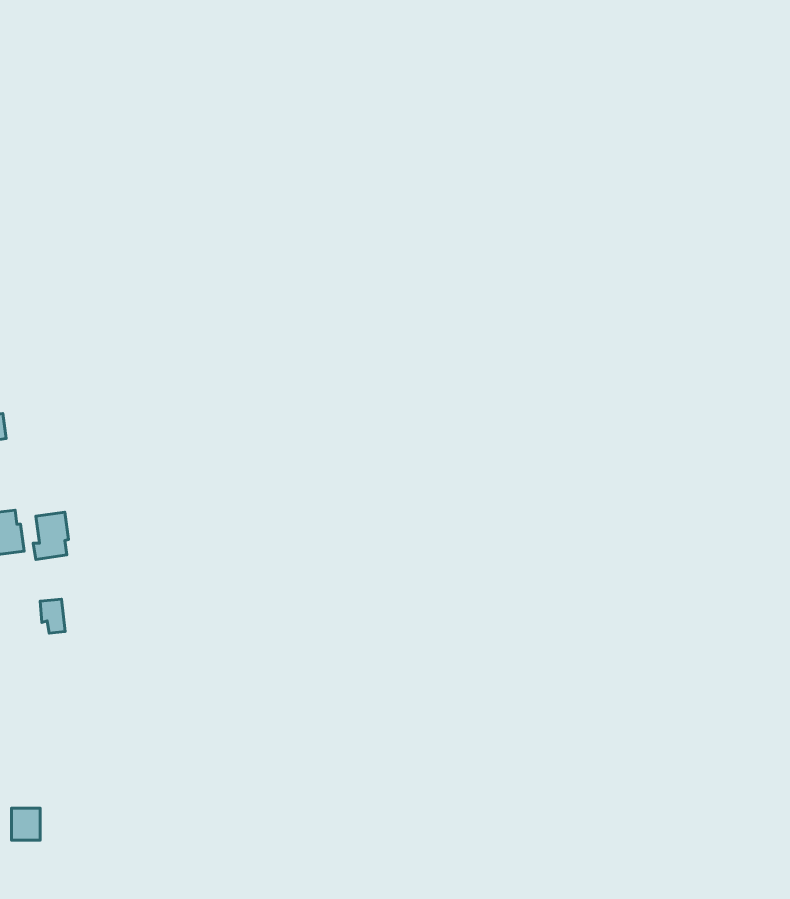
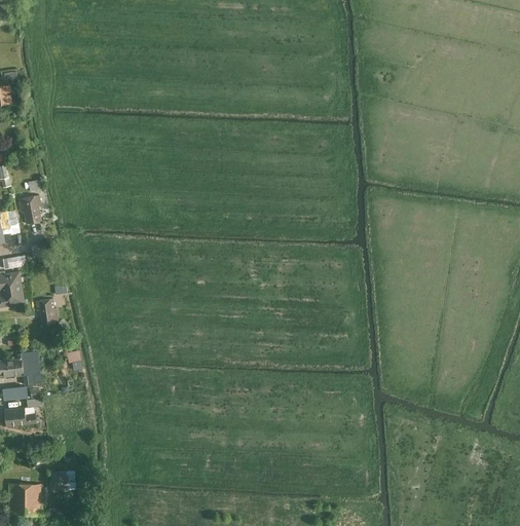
building: [33,512,69,559] -> none

